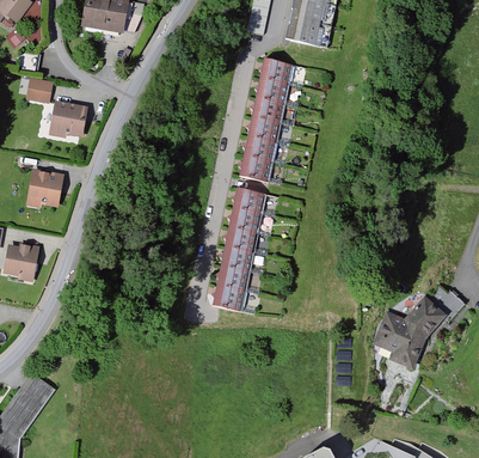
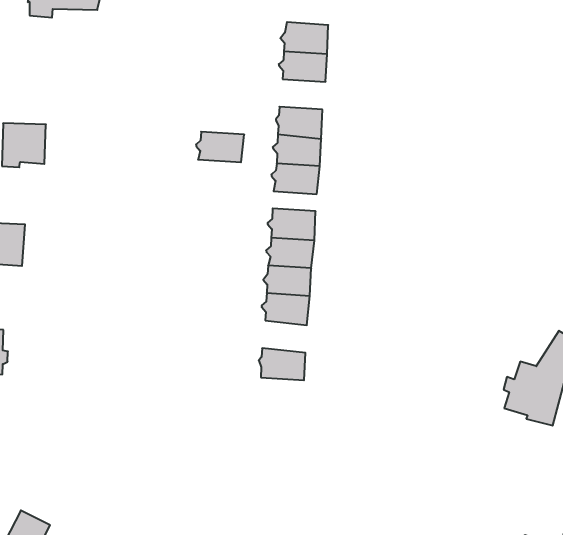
building: [251,97,285,122] -> [196,132,244,162]
building: [216,264,250,291] -> none

